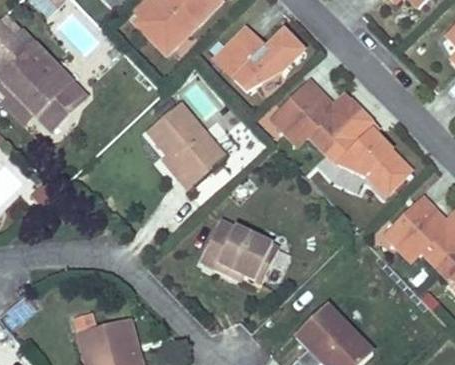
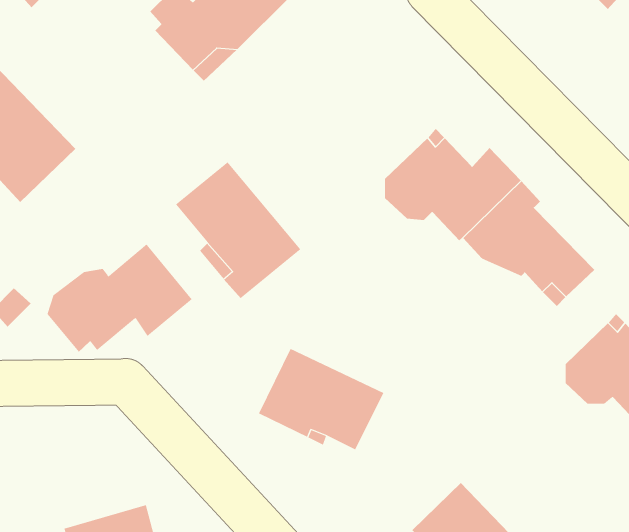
building: [216,28,298,88] -> none
building: none -> [47,244,192,352]

